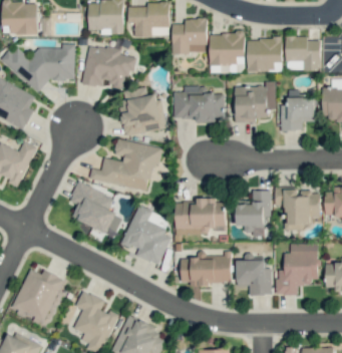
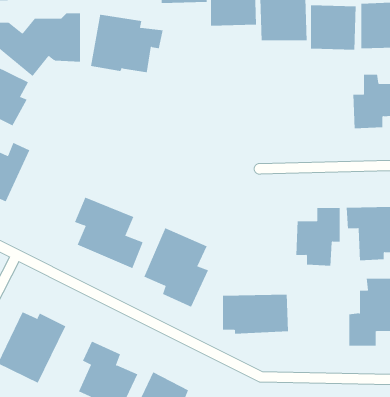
building: [236,81,276,123] -> none
building: [174,86,226,122] -> none
building: [119,87,165,135] -> none
building: [90,139,159,192] -> none
building: [176,199,226,235] -> none
building: [237,260,272,295] -> none

